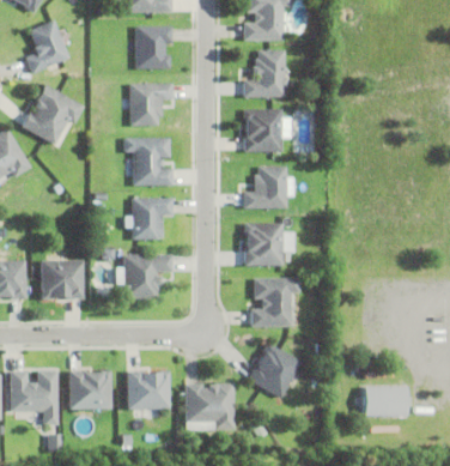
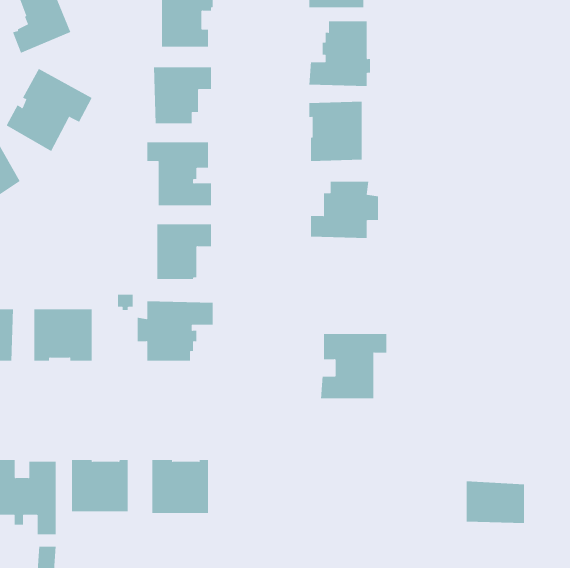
building: [244,223,294,265] -> none
building: [248,343,302,399] -> none
building: [186,383,235,429] -> none

